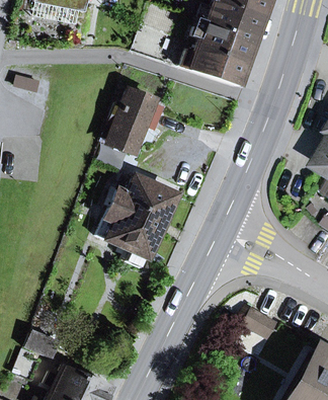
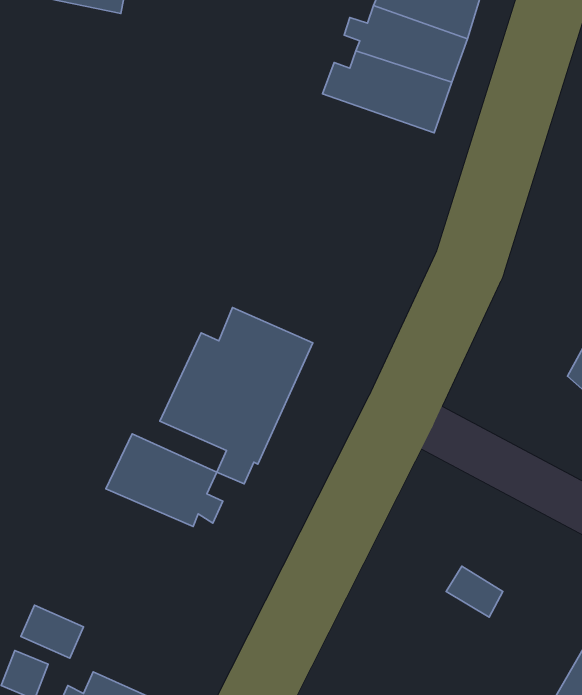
building: [103,89,165,153] -> none
building: none -> [106,434,223,526]

